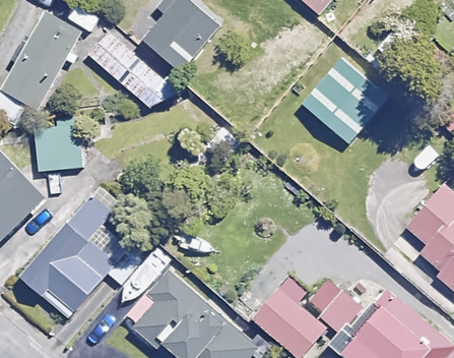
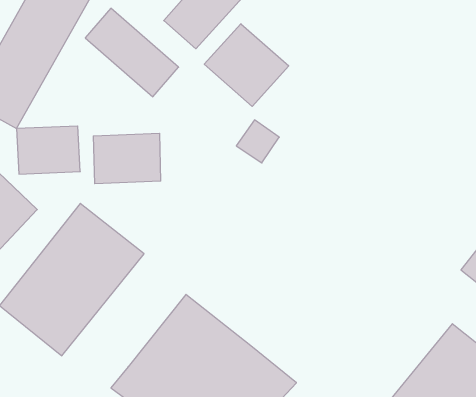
building: none -> [204,24,289,106]
building: [305,57,392,143] -> none
building: none -> [93,133,161,184]
building: [258,284,368,350] -> none

